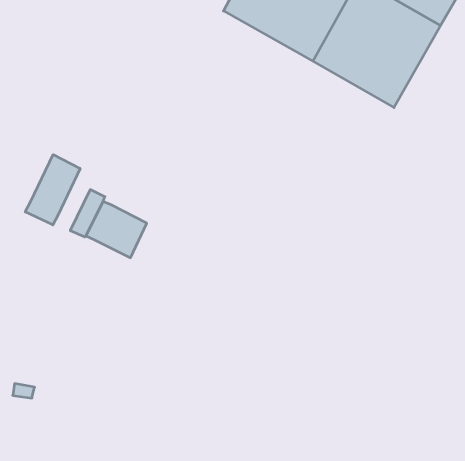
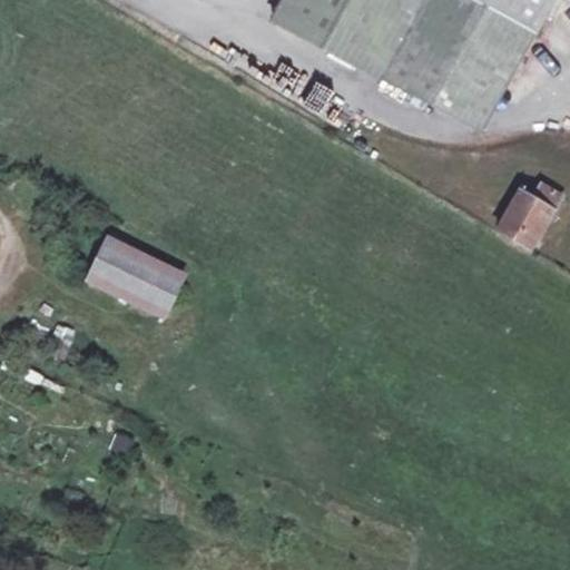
building: none -> [497,183,558,245]
building: [25,155,80,225] -> none

